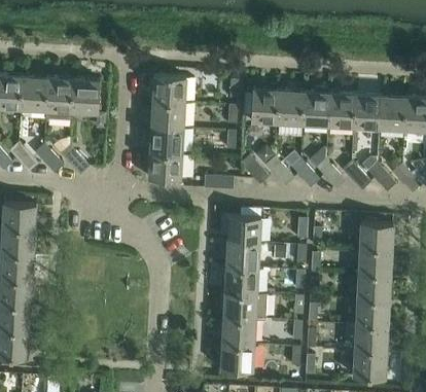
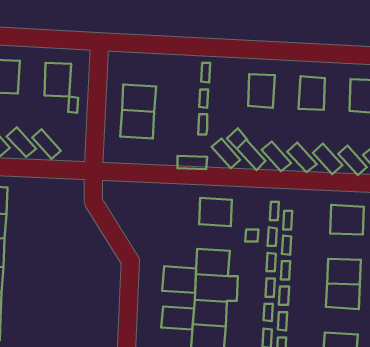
building: [151,75,185,103] -> none
building: [45,77,73,121] -> none
building: [301,87,329,126] -> none
building: [250,90,278,122] -> none
building: [353,95,380,128] -> none
building: [147,153,181,180] -> none
building: [225,242,259,269] -> [162,266,196,293]
building: [357,251,392,278] -> none
building: none -> [161,307,194,329]
building: [354,325,388,353] -> none

